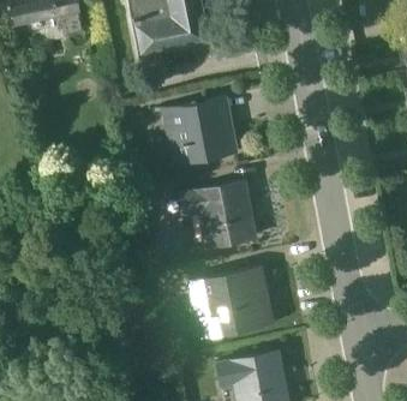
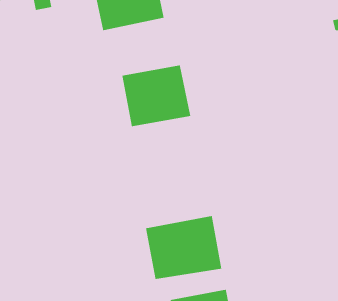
building: [176,179,258,249] -> none

